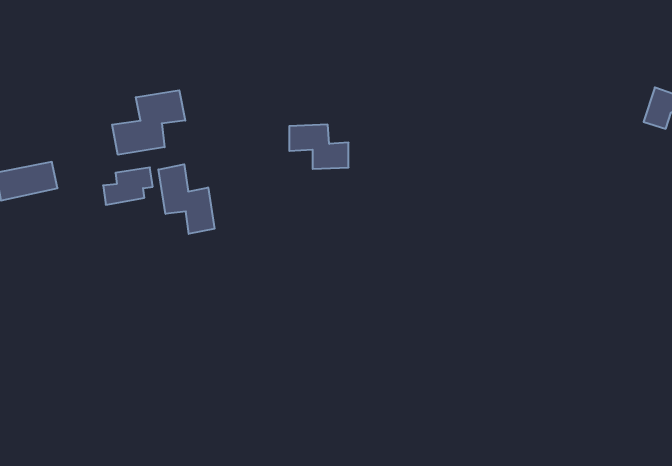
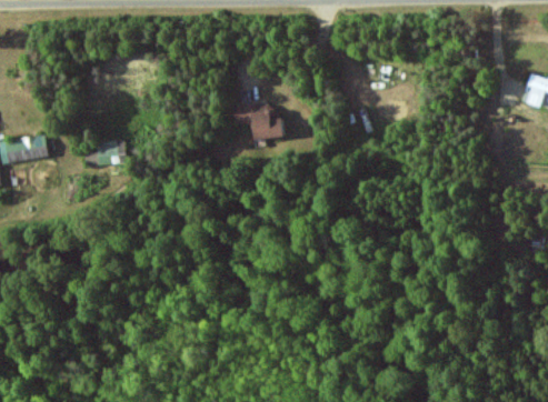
building: [112,90,185,155] -> none
building: [158,164,215,234] -> none

